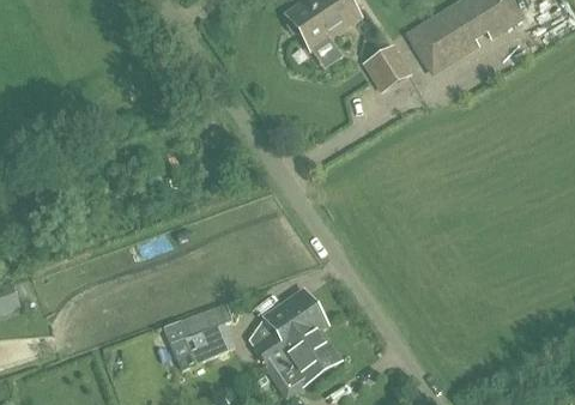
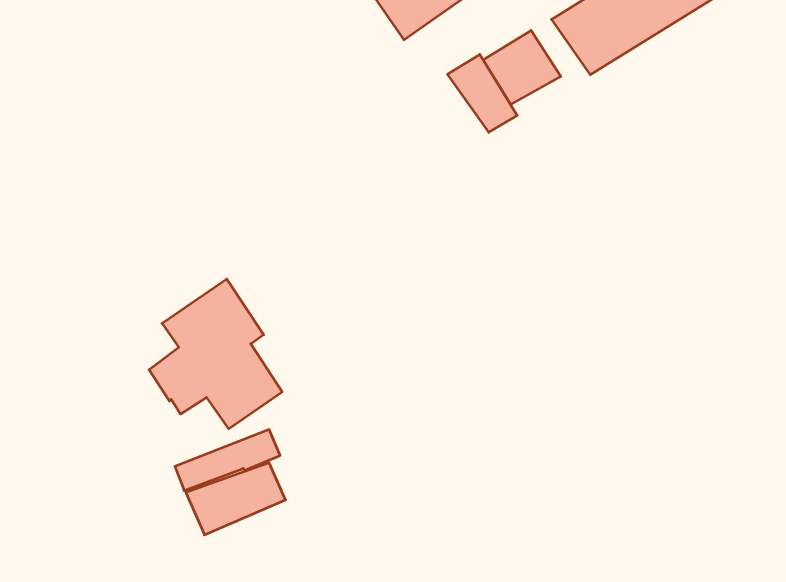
building: none -> [448,54,517,132]
building: [253,286,339,383] -> [149,279,282,429]

